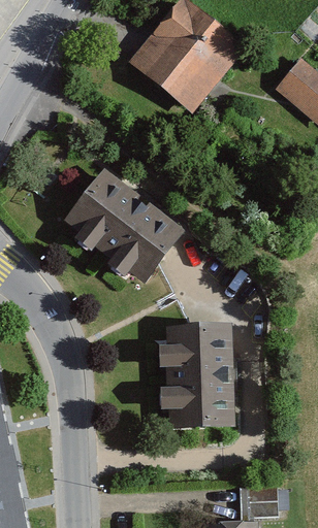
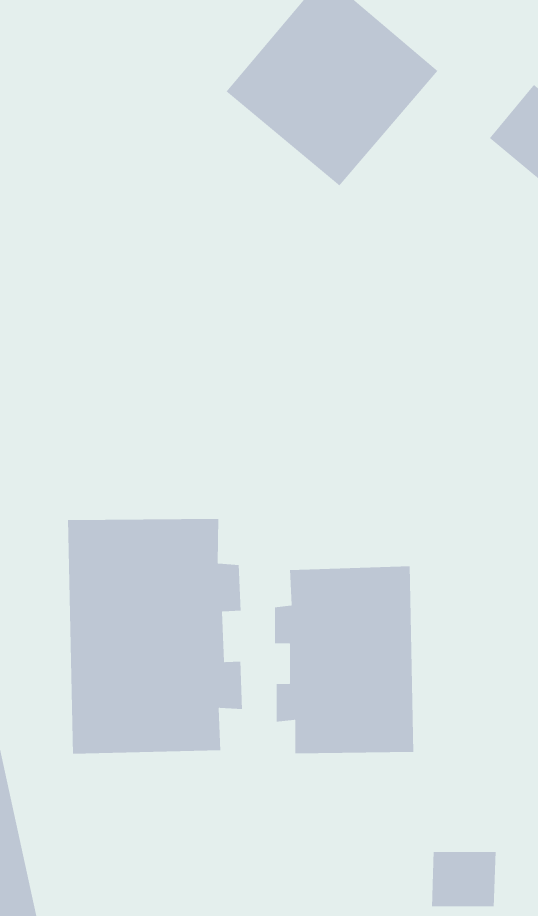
building: [62,168,185,284] -> none
building: none -> [67,518,243,754]

